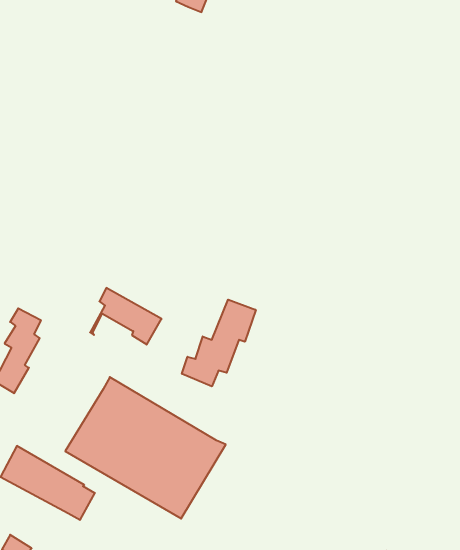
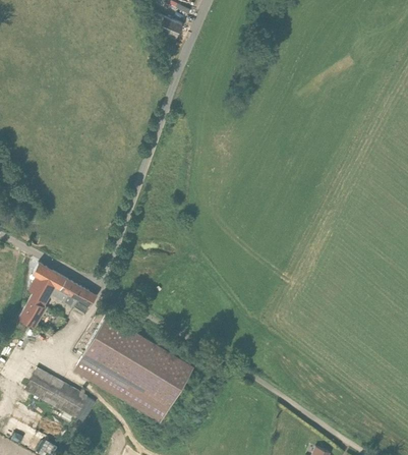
building: [90,288,162,345] -> [43,272,97,315]
building: [182,300,256,386] -> none

